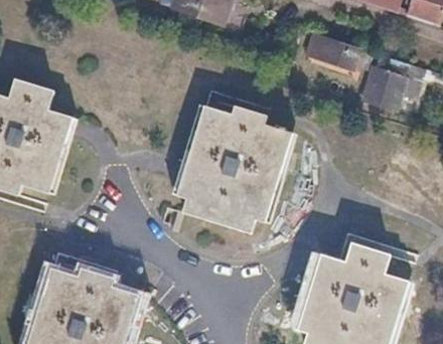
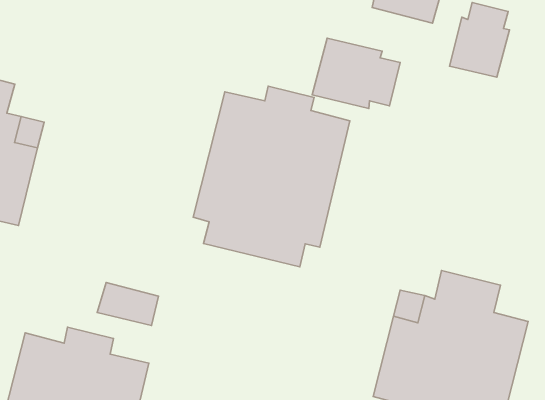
building: none -> [312,38,400,109]
building: none -> [97,282,159,326]

